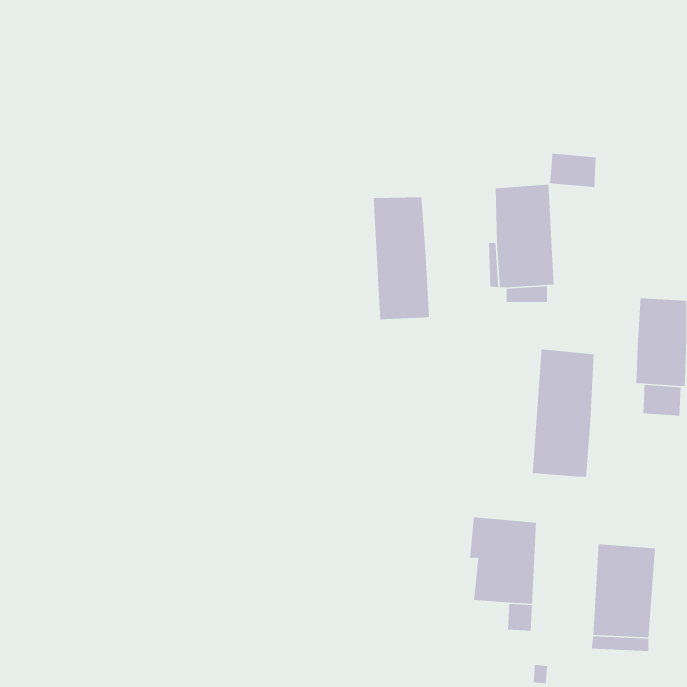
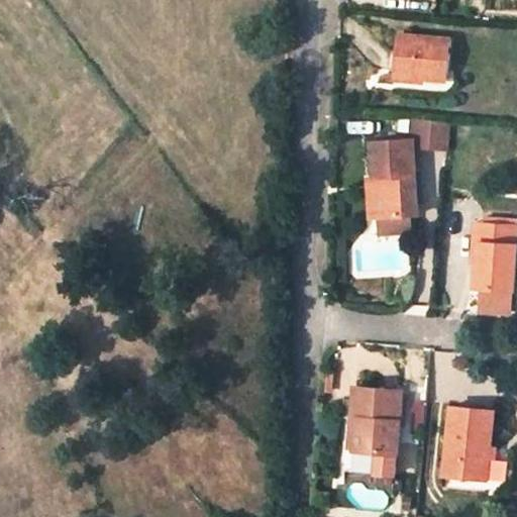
building: none -> [391,33,446,78]
building: [373,196,430,321] -> none
building: [532,349,595,478] -> none

